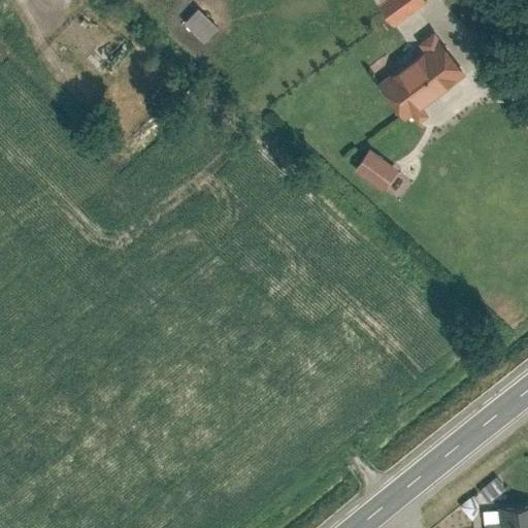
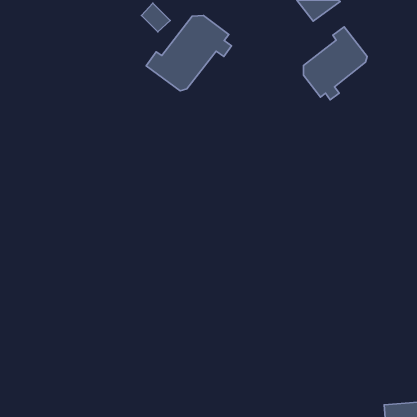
building: none -> [146,16,232,91]
building: [352,148,398,191] -> none

